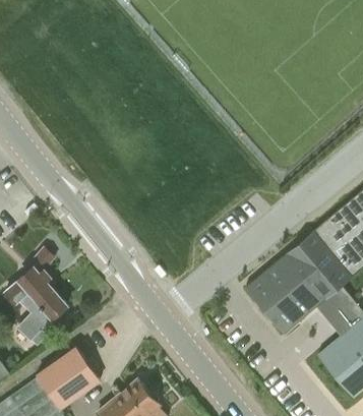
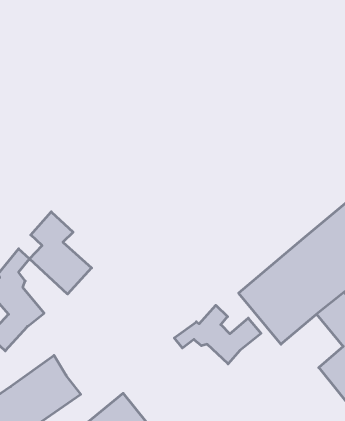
building: none -> [30,212,92,294]
building: none -> [174,305,261,364]

